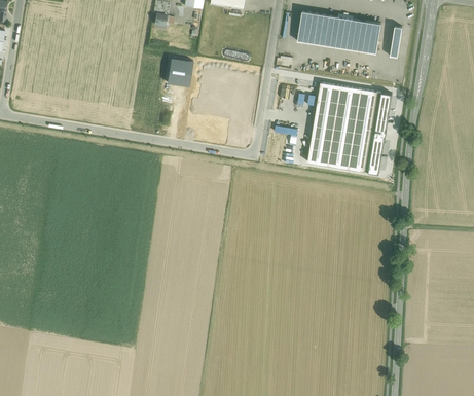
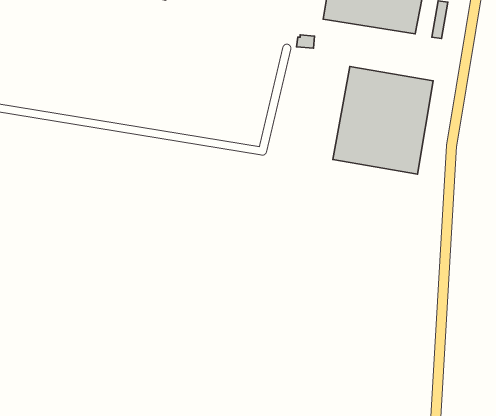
building: [165,58,191,86] -> none

